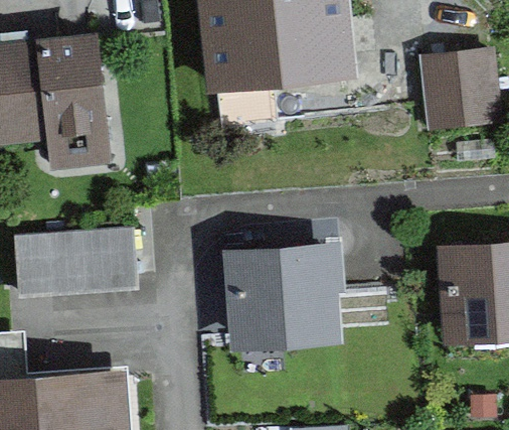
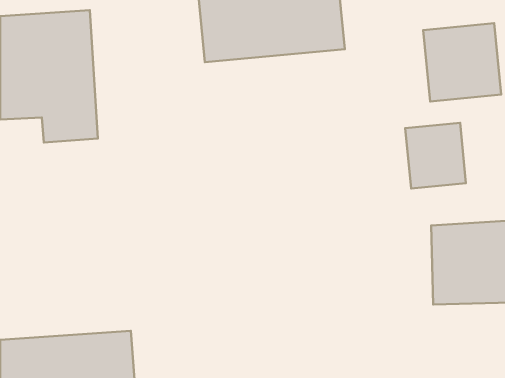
building: none -> [405,123,466,188]
building: [13,236,135,295] -> none
building: [217,253,339,349] -> none

